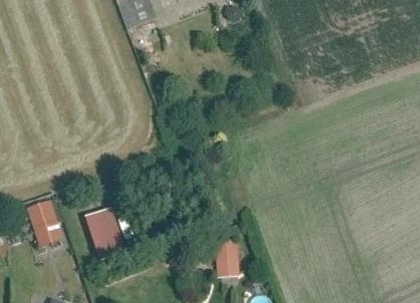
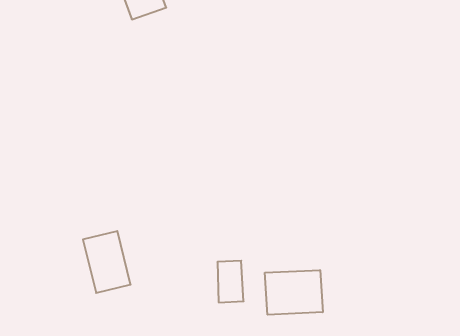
building: [30,198,68,246] -> none
building: none -> [265,270,323,315]

